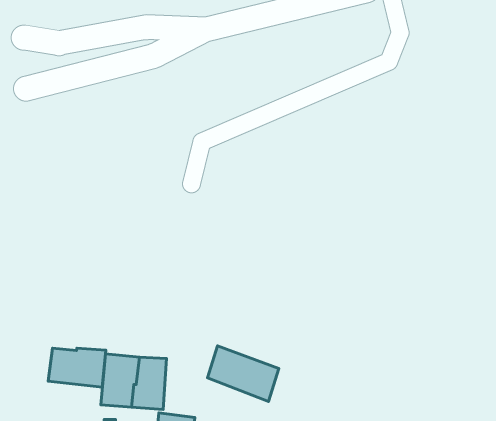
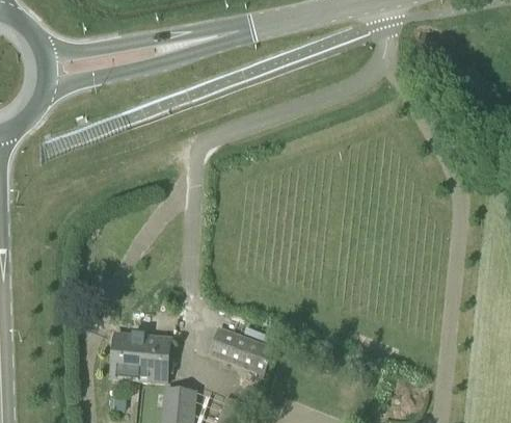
building: [48,348,106,387] -> none

